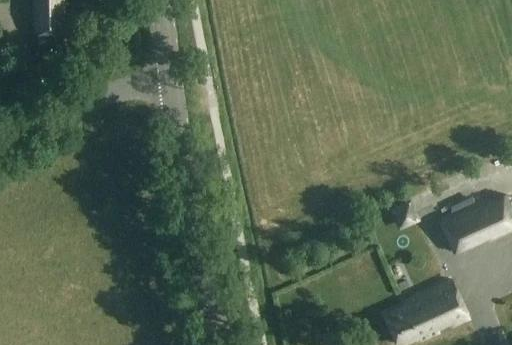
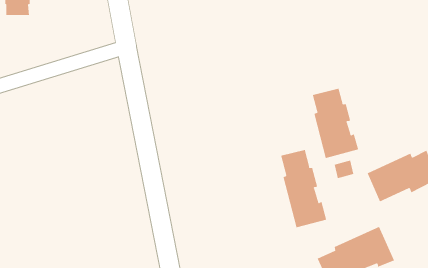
building: none -> [312,88,359,159]
building: none -> [280,149,327,228]

